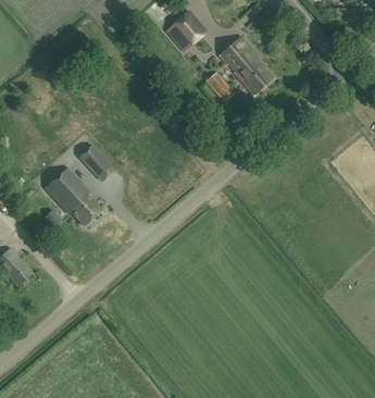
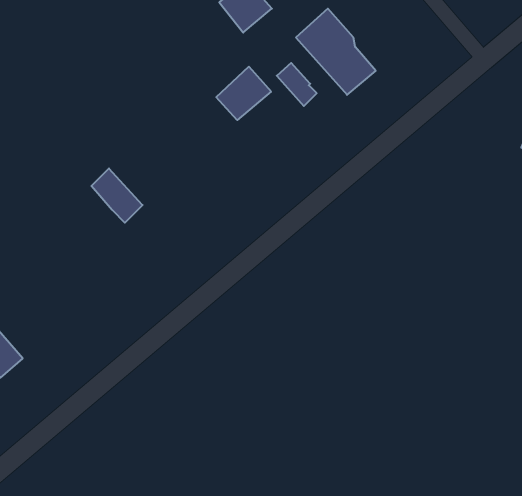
building: none -> [216,67,271,120]
building: [46,166,101,225] -> none

